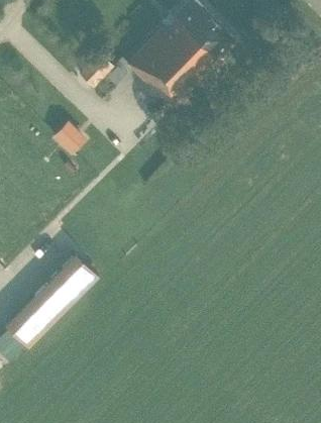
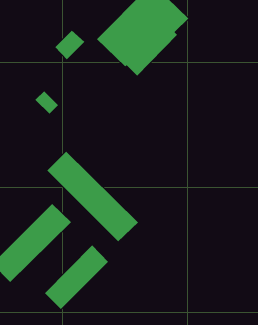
building: none -> [46,151,139,242]
building: none -> [44,245,109,310]

